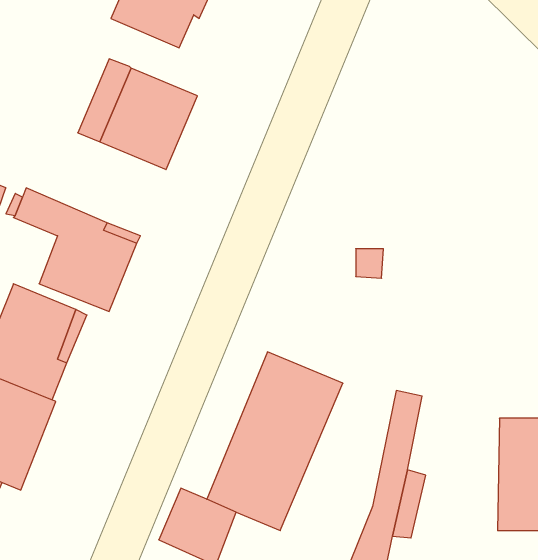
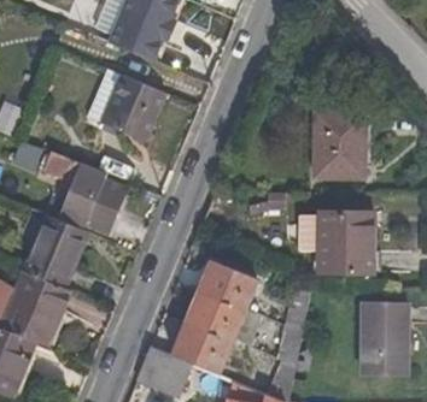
building: none -> [315,113,363,177]
building: none -> [318,212,375,273]

